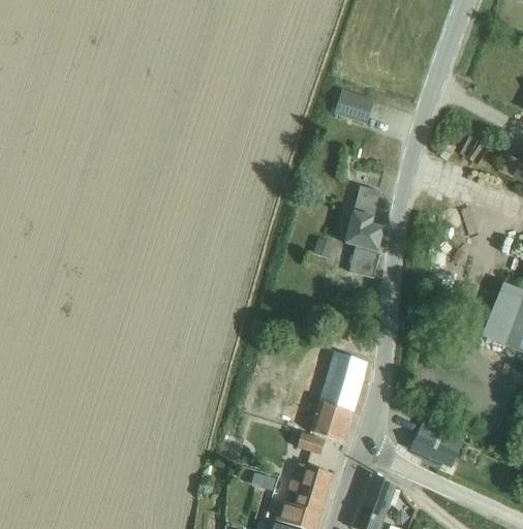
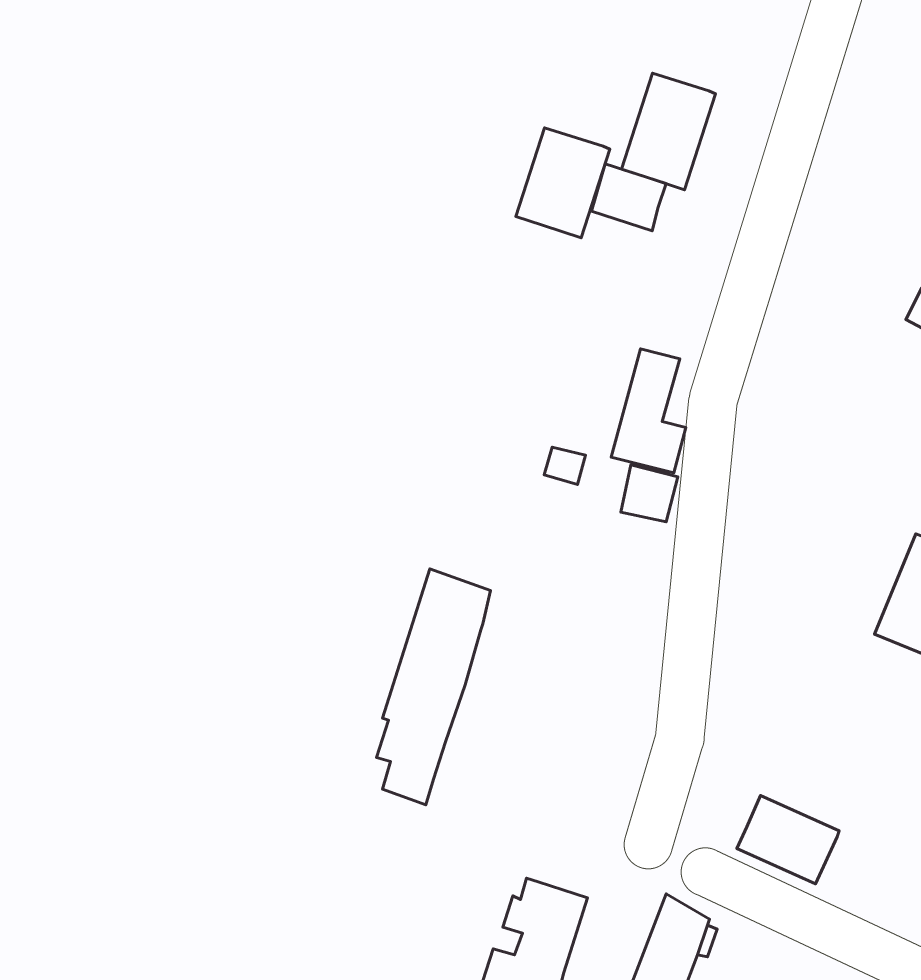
building: none -> [622,73,715,190]
building: none -> [516,128,610,238]
building: [306,351,366,475] -> [377,569,491,805]

